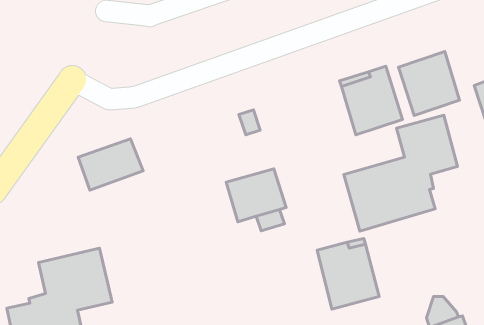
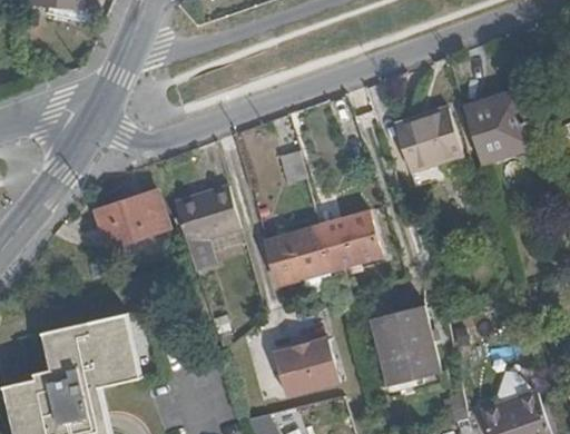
building: [344,115,458,231] -> none
building: none -> [173,186,238,272]
building: none -> [320,211,380,269]
building: none -> [268,337,334,397]

